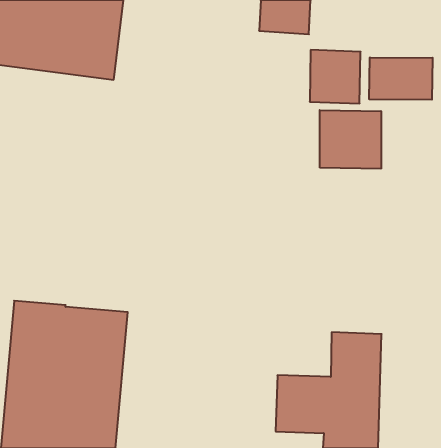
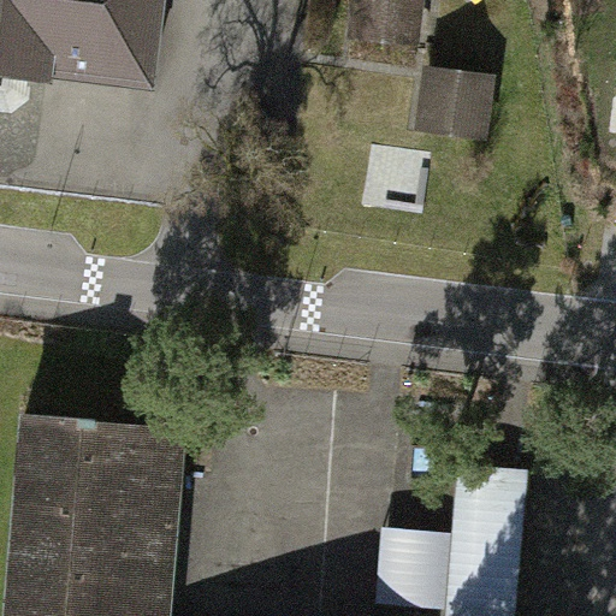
building: [369,57,433,100] -> none
building: [320,110,381,169] -> none

